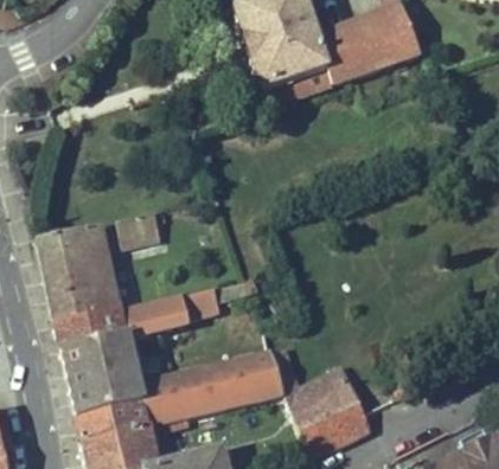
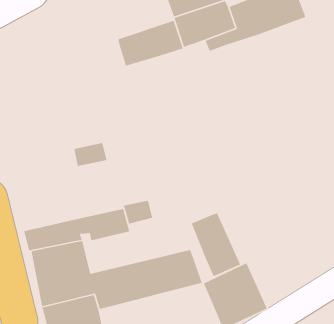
building: none -> [117,20,184,66]
building: [36,221,123,323] -> none
building: none -> [191,212,241,277]

